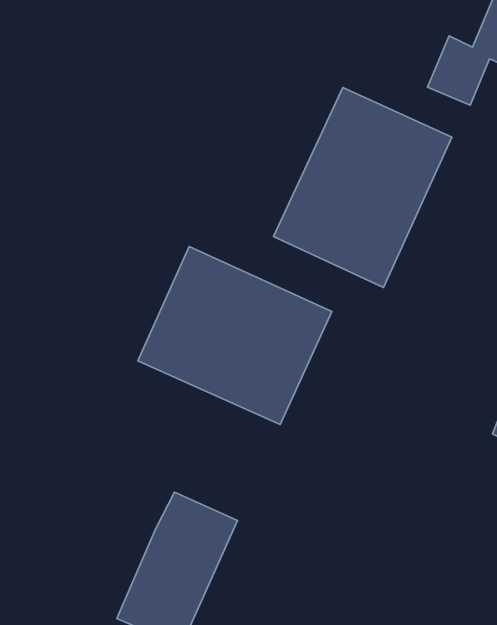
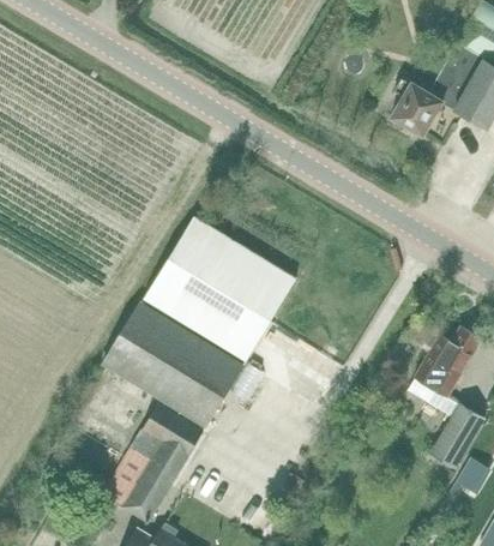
building: [274,88,452,287] -> none
building: none -> [103,301,245,427]

